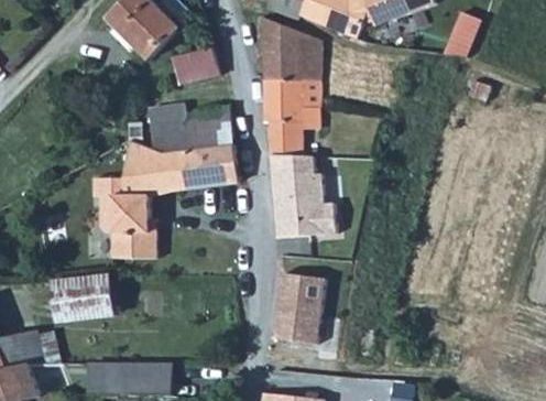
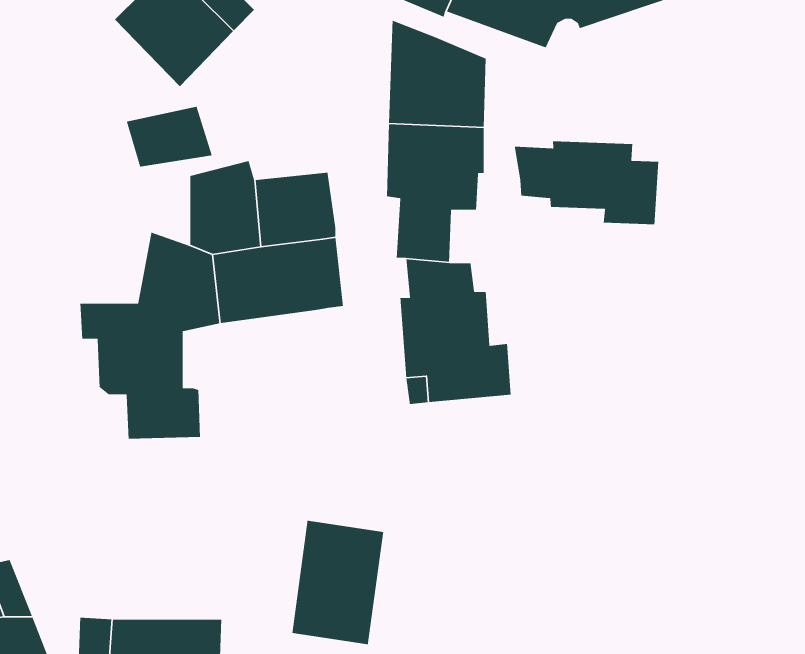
building: [440,15,480,61] -> none
building: [172,43,221,78] -> [126,106,213,167]
building: none -> [514,141,659,225]
building: [271,269,324,340] -> [291,520,384,645]
building: [54,274,117,322] -> none

